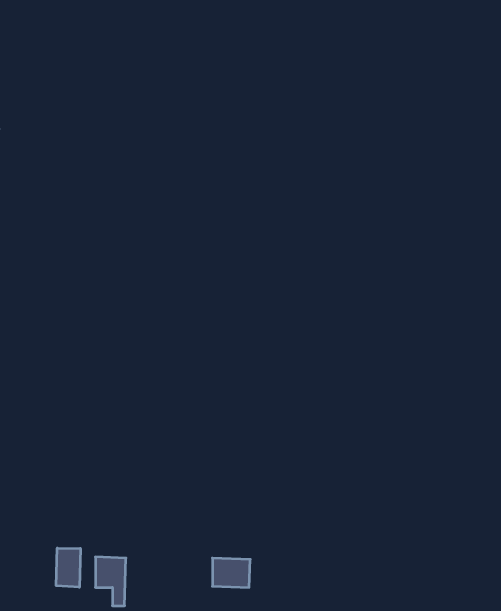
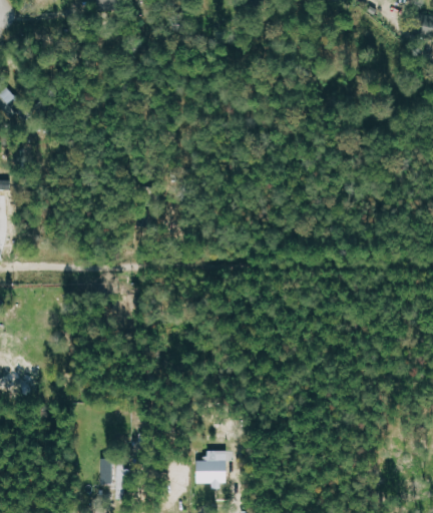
building: [56,548,80,587] -> none

